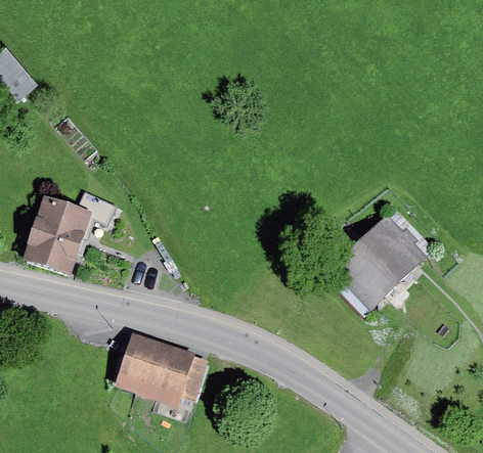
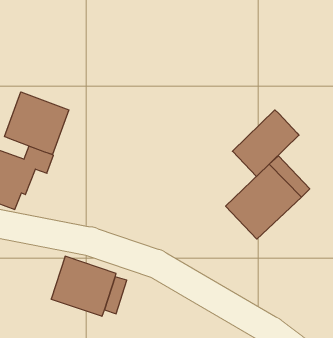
building: none -> [5,92,69,155]
building: none -> [232,110,299,177]

